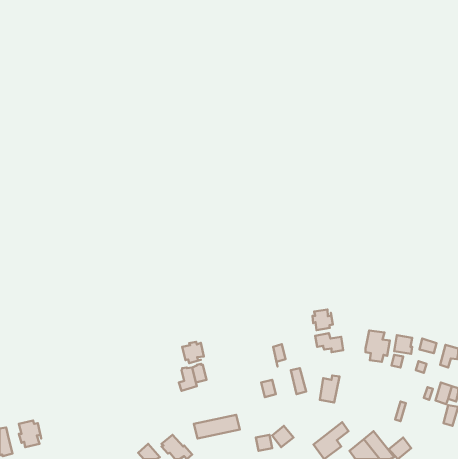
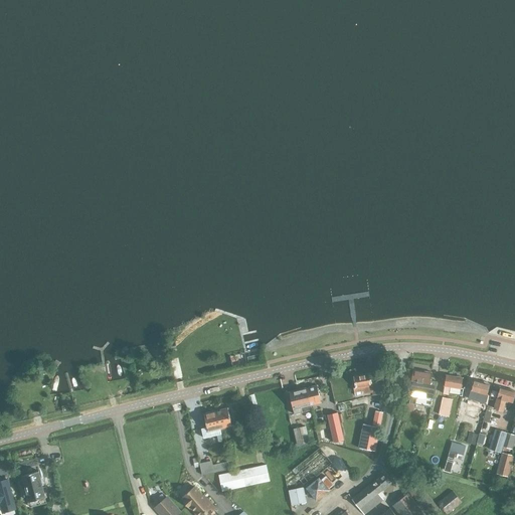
building: [312,310,333,330] -> none
building: [182,342,204,363] -> none
building: none -> [288,388,311,414]

